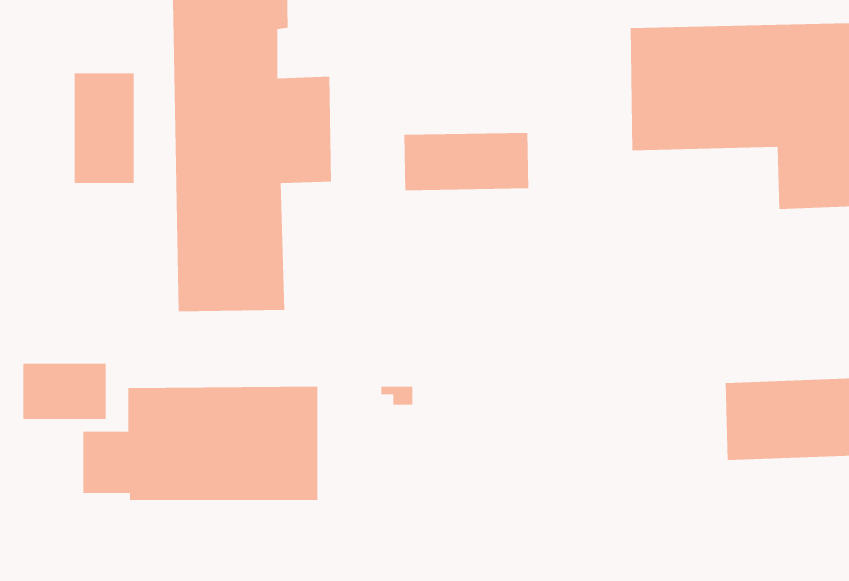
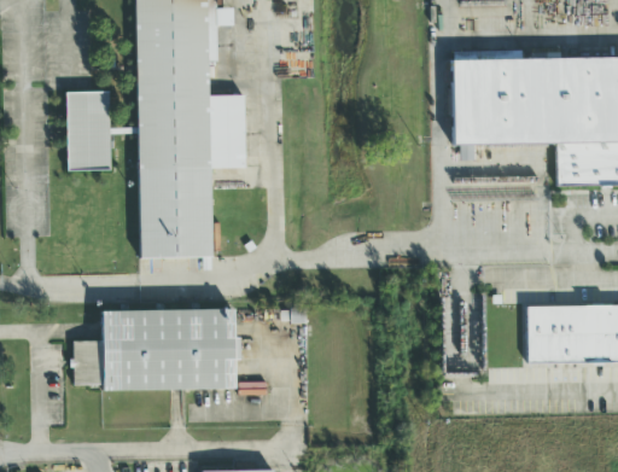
building: [404,132,529,191] -> none
building: [23,363,106,420] -> none

